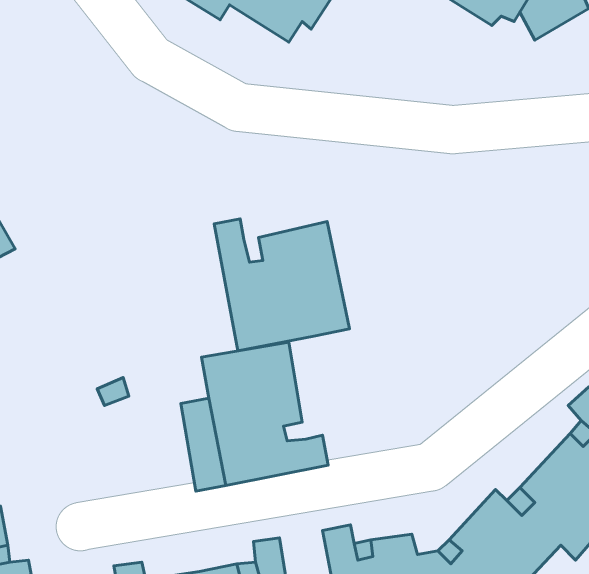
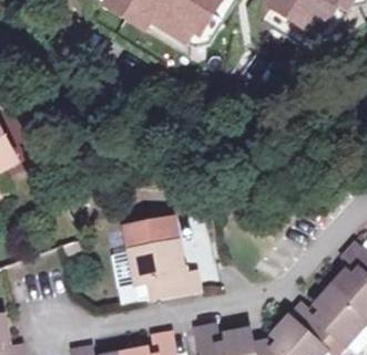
building: [214,219,349,351] -> none

